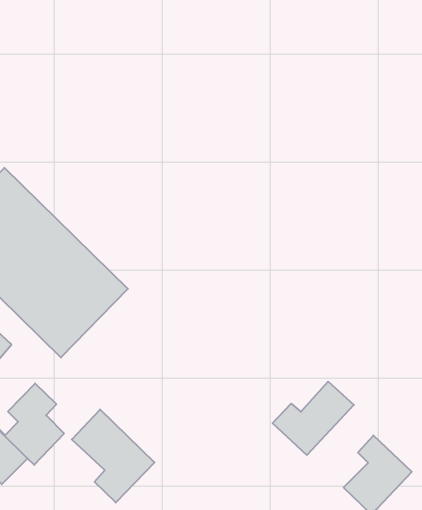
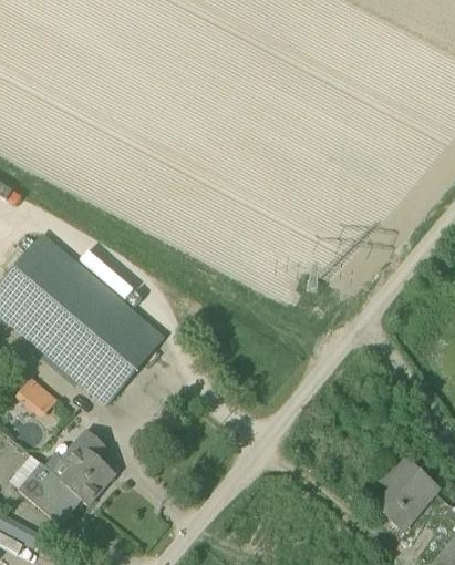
building: [273,382,354,455] -> none
building: [72,409,155,503] -> none

